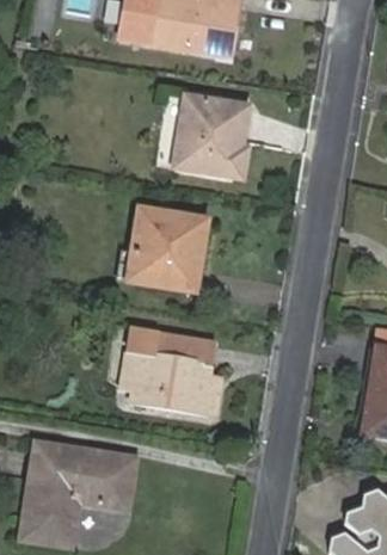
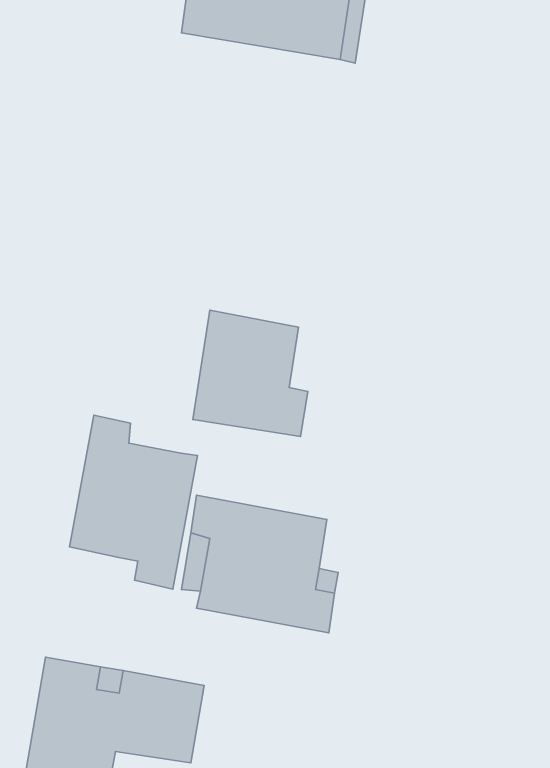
building: [155,95,247,180] -> none
building: none -> [70,415,198,589]

